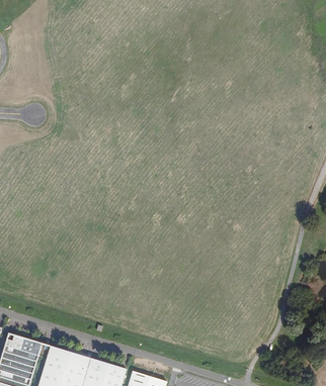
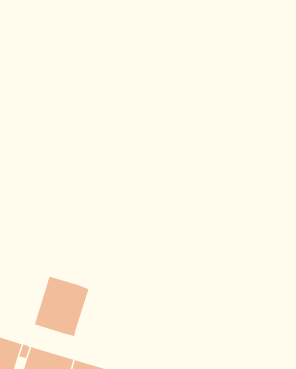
building: none -> [34,276,89,337]

